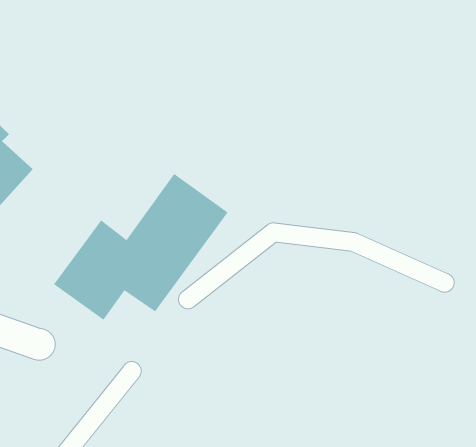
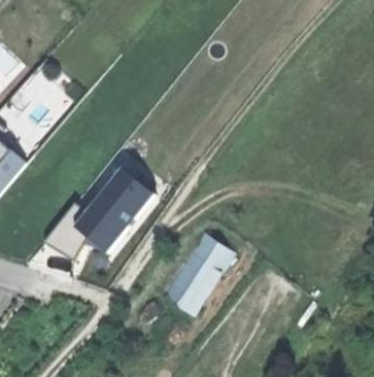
building: none -> [163,234,231,312]

